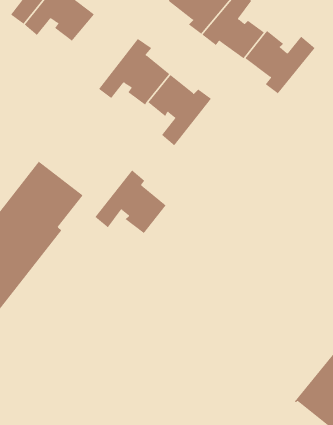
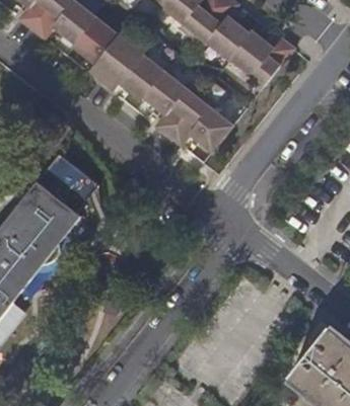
building: none -> [83,25,144,92]
building: [95,170,167,234] -> [178,101,242,159]

